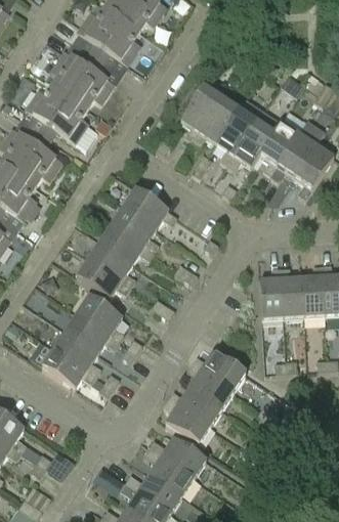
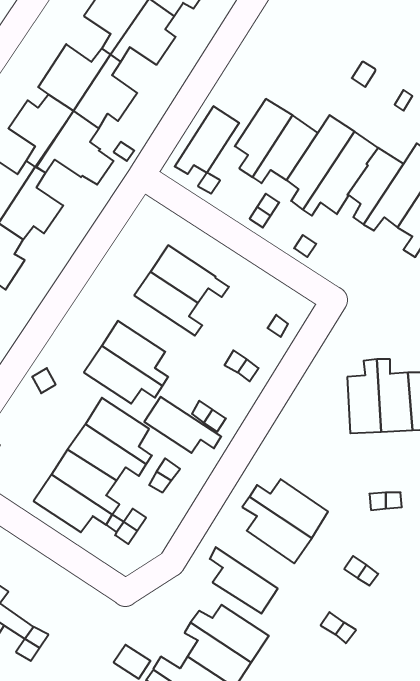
building: none -> [175,106,239,174]
building: [100,223,154,262] -> [144,397,221,453]
building: [168,386,222,426] -> none

